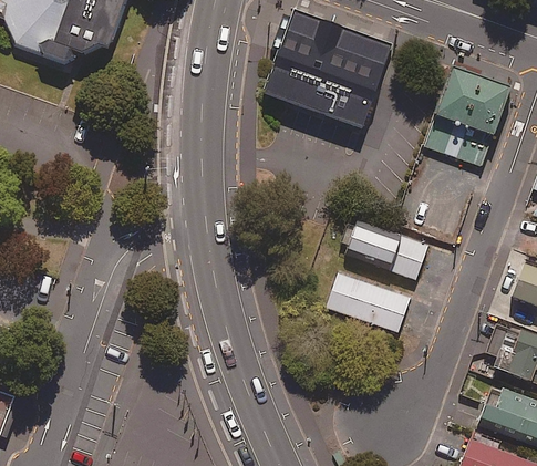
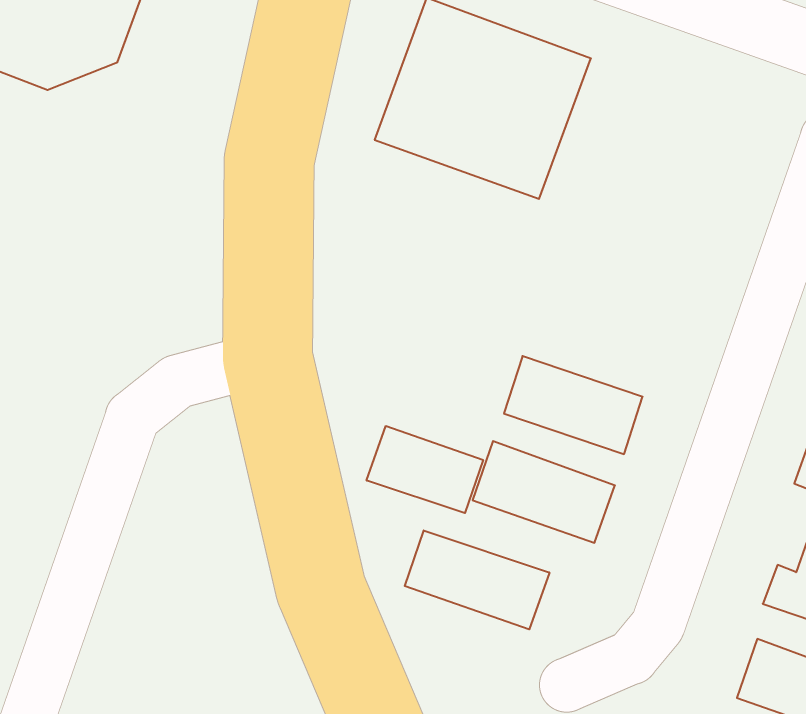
building: [419,62,509,167] -> none
building: none -> [367,426,483,513]
building: none -> [405,530,549,629]

